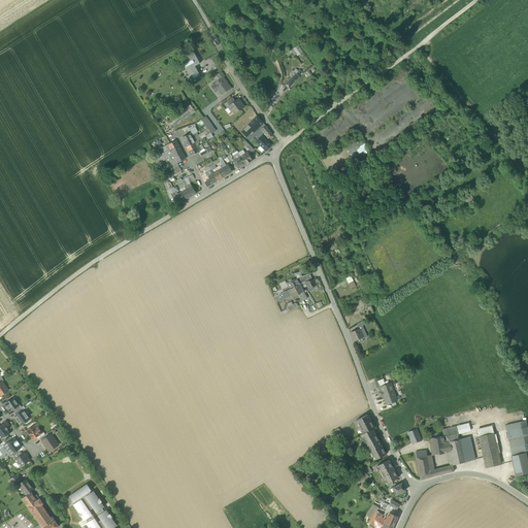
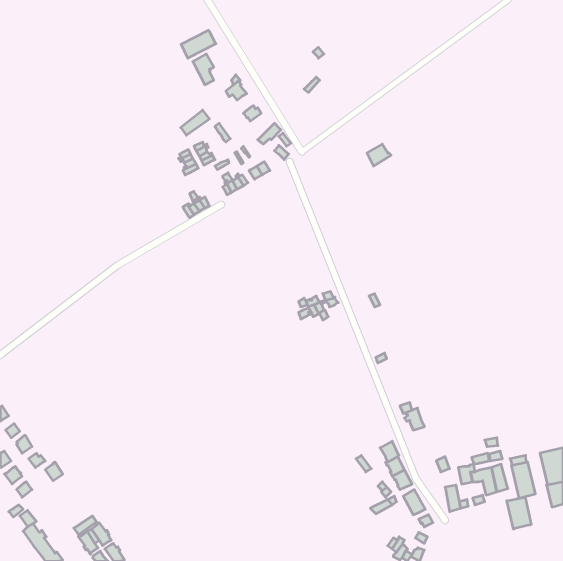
building: none -> [181,30,216,58]
building: none -> [507,497,531,529]

